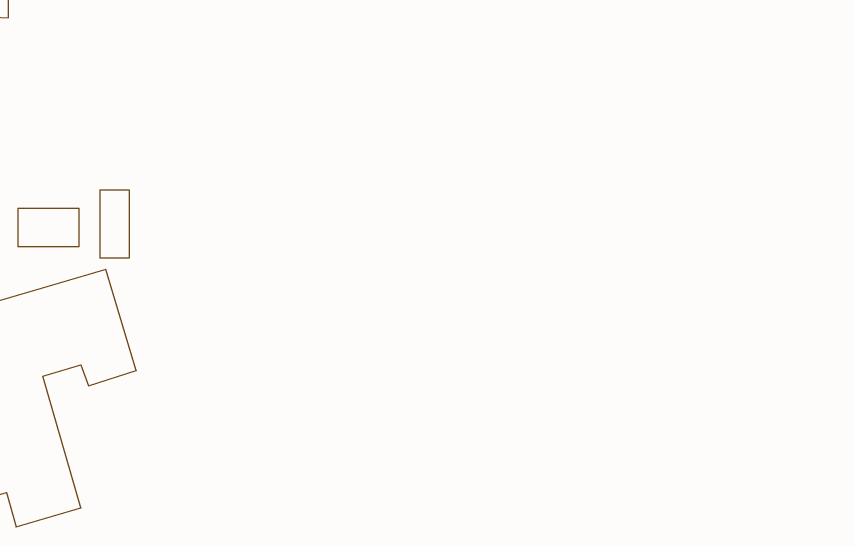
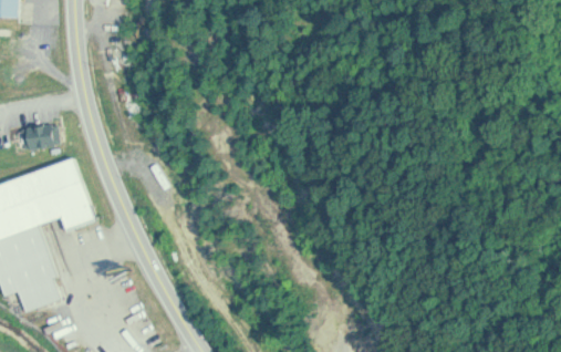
building: [100,190,129,258] -> none

